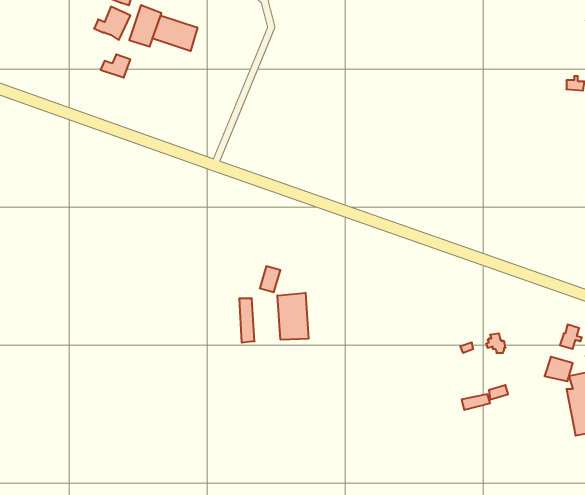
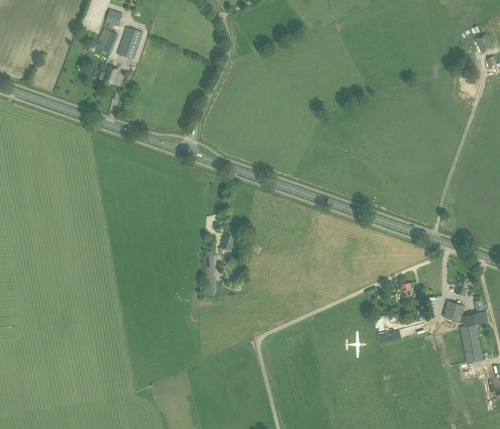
building: [153,16,197,51] -> none
building: [277,293,308,340] -> none

